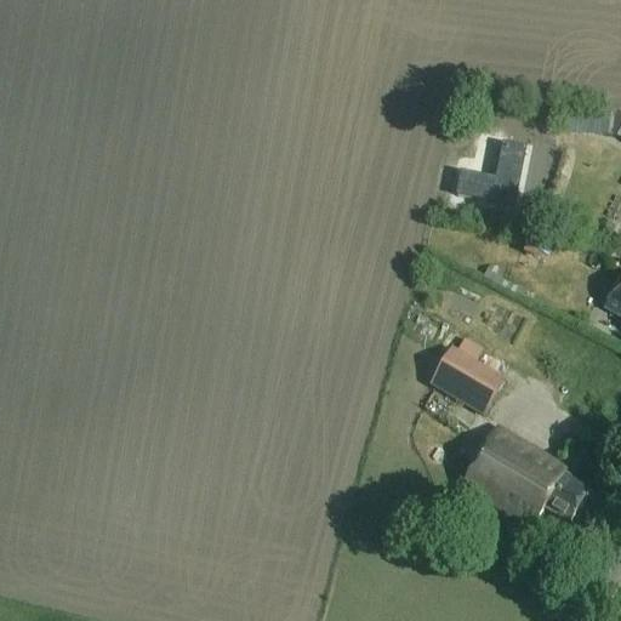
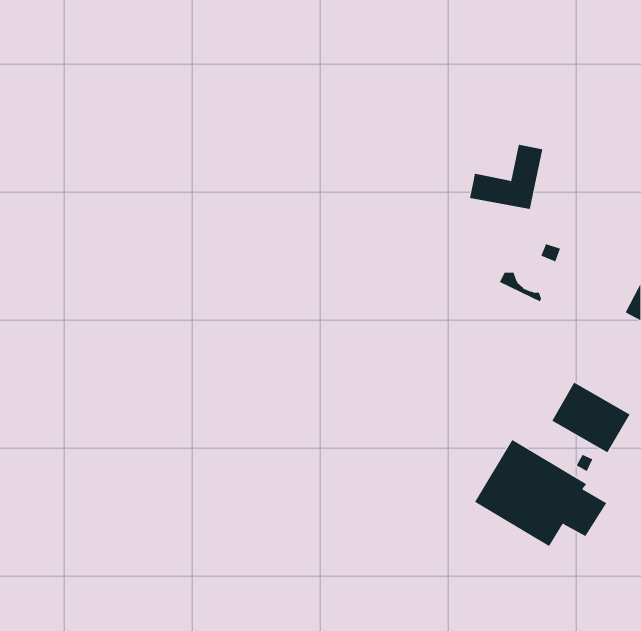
building: [431,343,507,412] -> [551,382,630,453]

